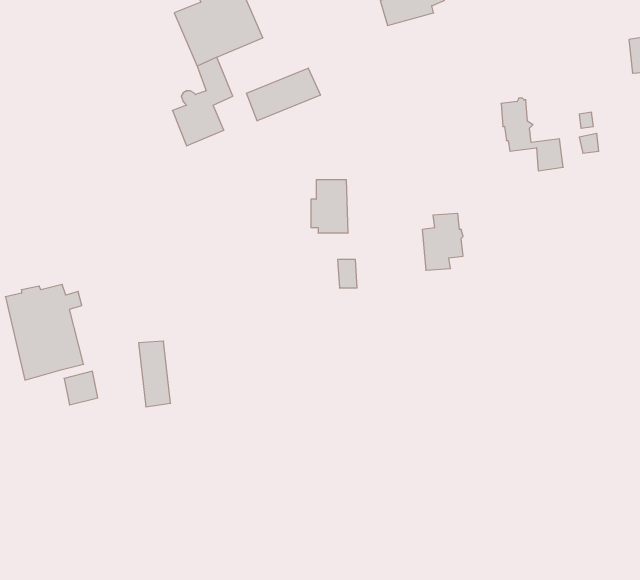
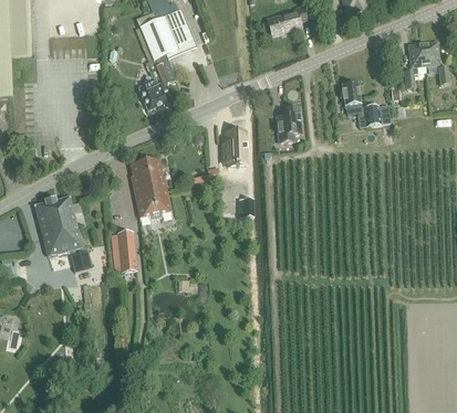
building: none -> [404,43,424,87]
building: [247,68,320,121] -> none
building: [422,213,463,270] -> [276,106,301,141]
building: none -> [129,158,170,218]

